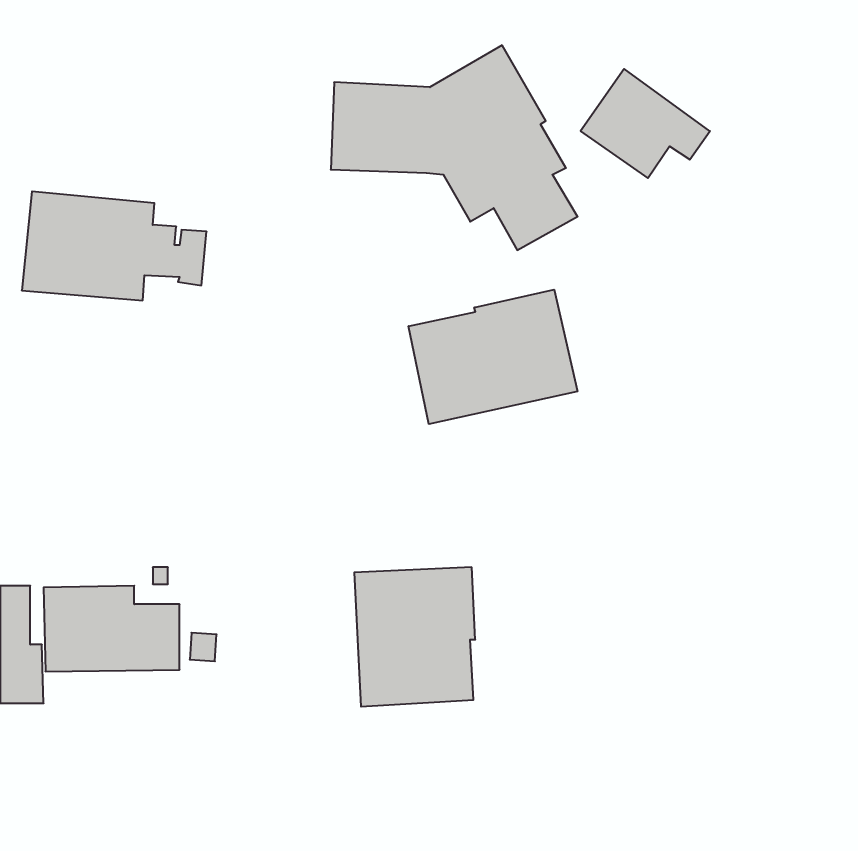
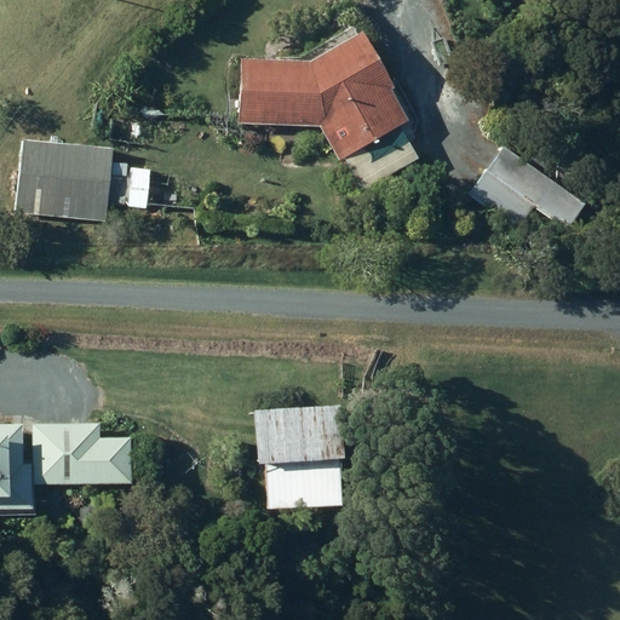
building: [581,69,710,178] -> [469,148,562,226]
building: [409,290,577,424] -> none

